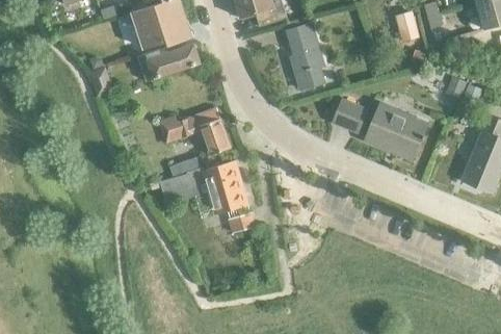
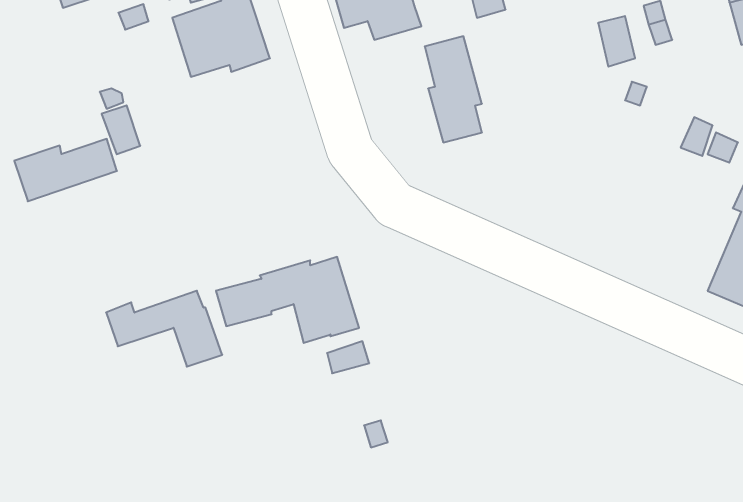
building: [137,42,201,80] -> [14,139,117,201]
building: [333,100,366,133] -> none
building: [365,103,428,154] -> none
building: [159,107,231,154] -> [106,291,222,367]

